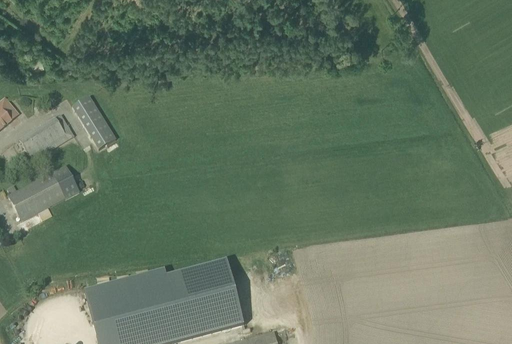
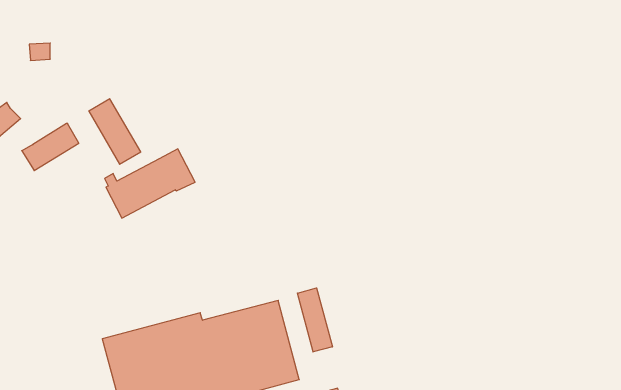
building: [7,163,80,219] -> [105,149,195,218]
building: none -> [297,288,332,352]

